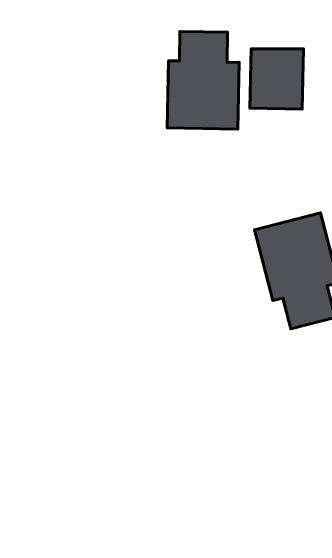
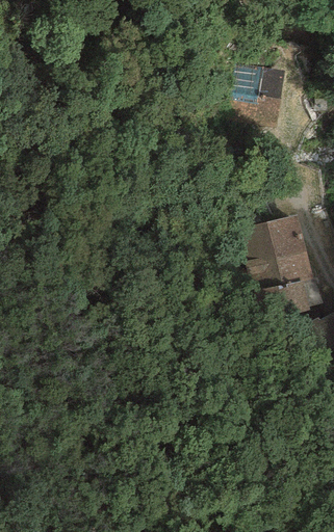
building: [167,32,239,129] -> none

